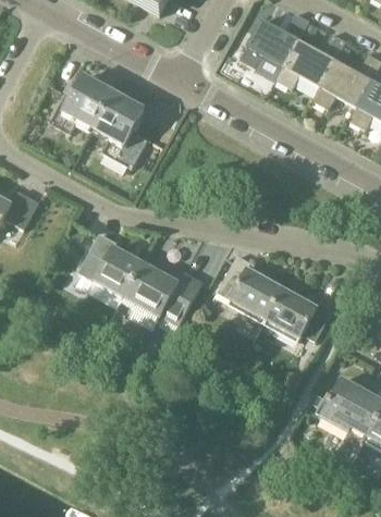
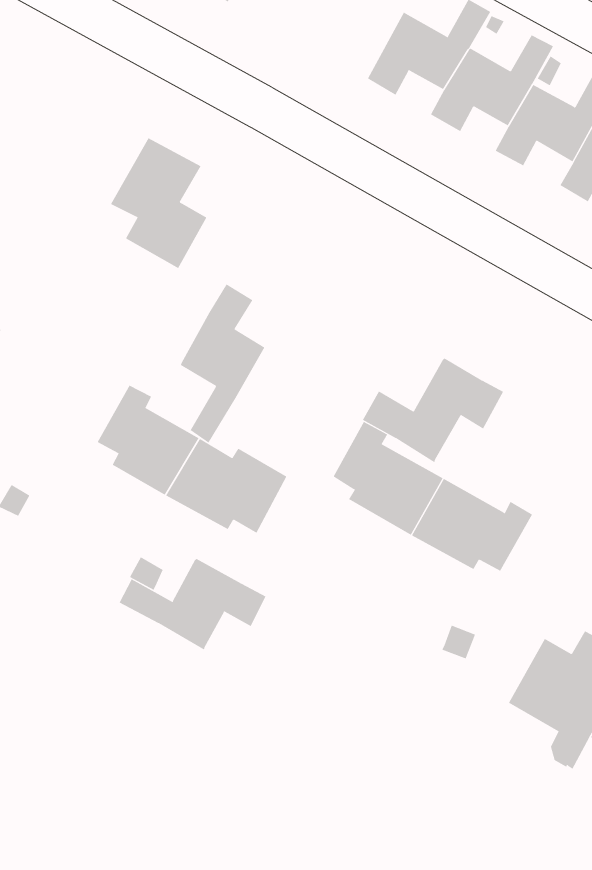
building: [49,73,113,131] -> none
building: none -> [180,284,265,444]
building: none -> [362,357,504,463]
building: none -> [119,558,266,650]

